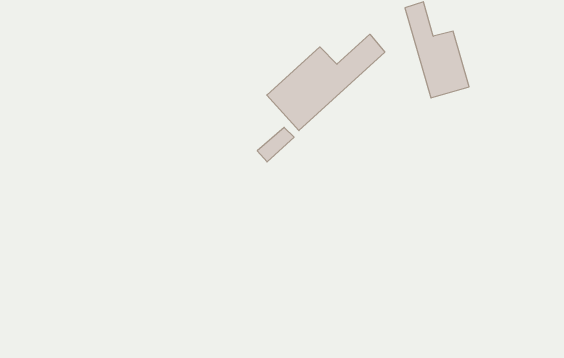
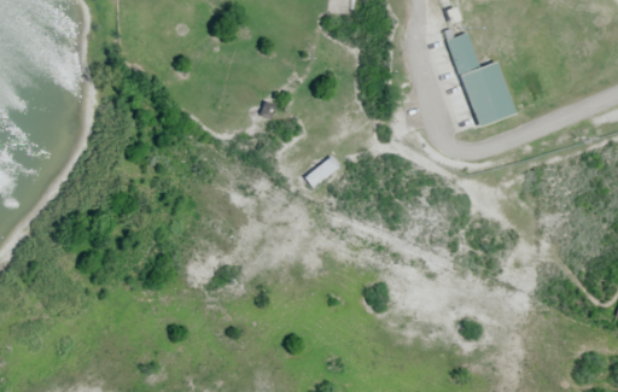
building: [267,34,385,131] -> none

